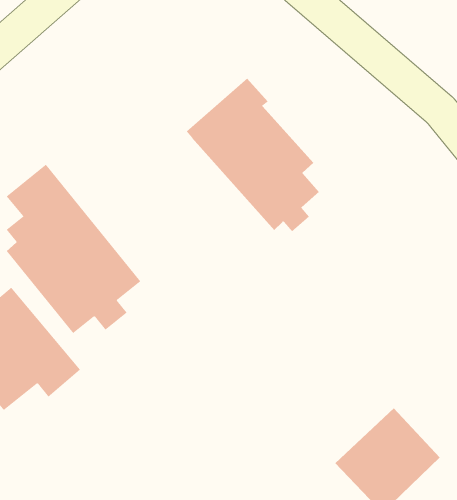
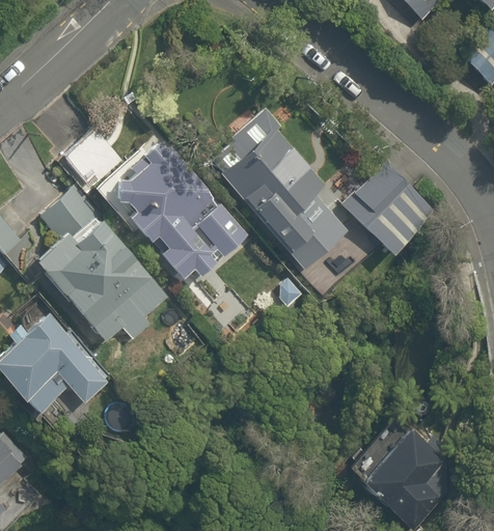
building: none -> [64,128,250,280]
building: none -> [340,157,440,257]

